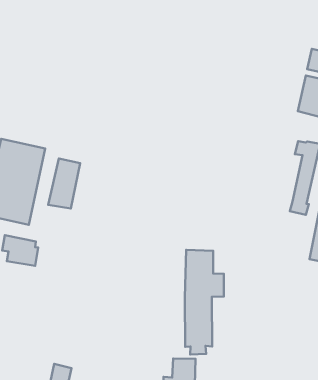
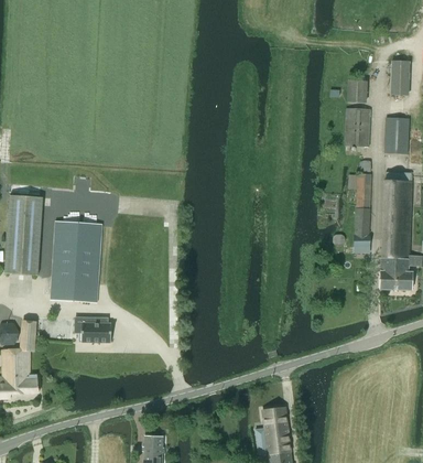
building: [48,159,80,209] -> none
building: [185,250,224,354] -> none

